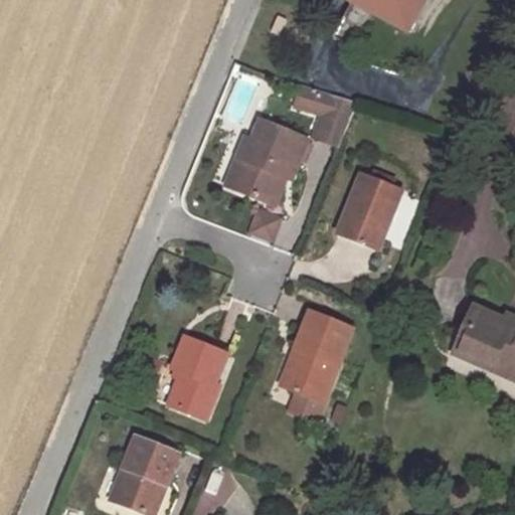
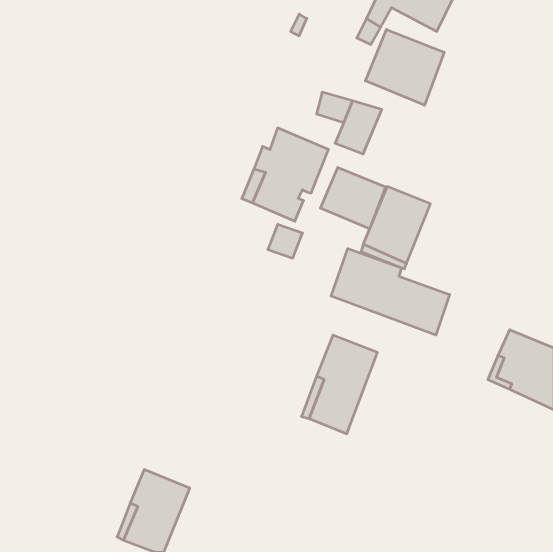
building: none -> [365,29,444,105]
building: none -> [320,167,386,229]
building: none -> [331,249,450,335]
building: [168,337,224,417] -> none

